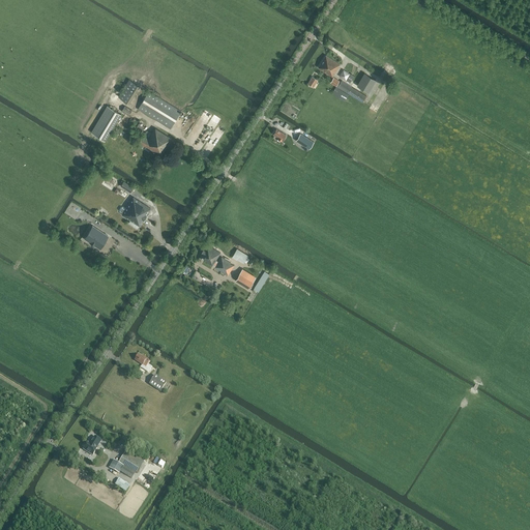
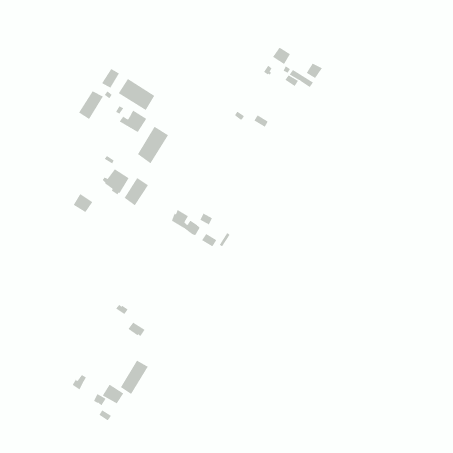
building: none -> [137,126,169,164]
building: none -> [124,177,149,206]
building: none -> [120,360,149,395]

